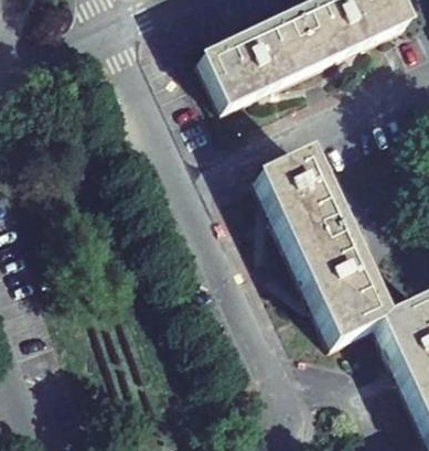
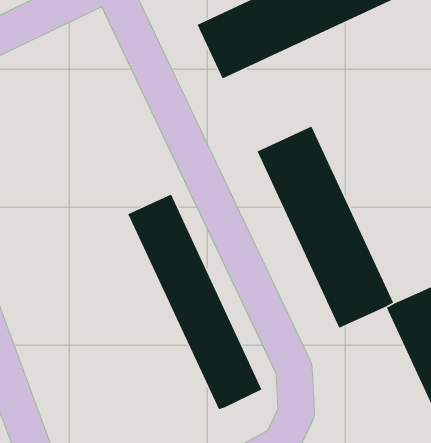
building: none -> [127,193,263,410]

